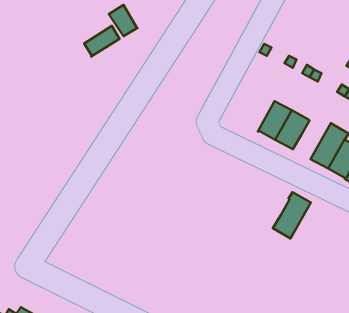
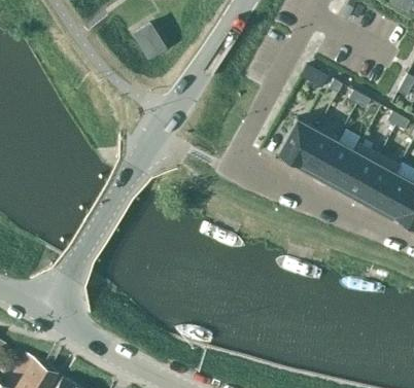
building: [84,26,119,57] -> none
building: none -> [279,119,318,165]
building: [273,192,311,238] -> [339,144,381,196]

